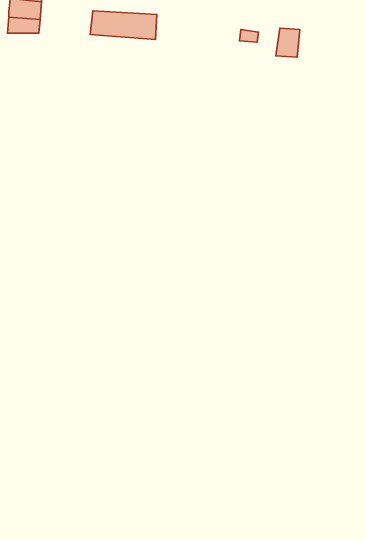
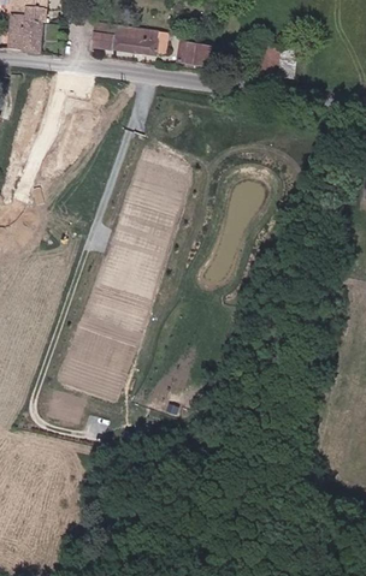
building: none -> [181,42,209,64]

